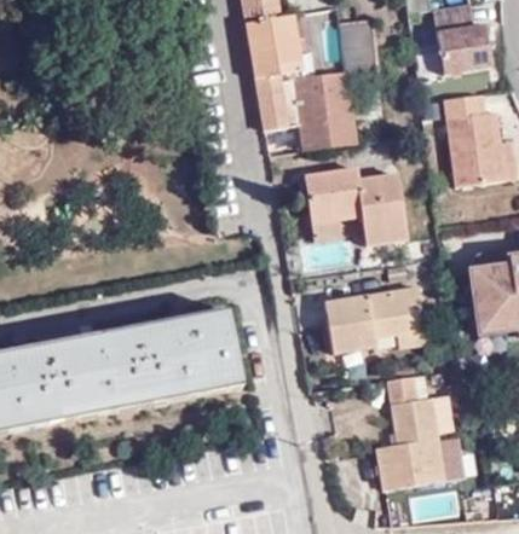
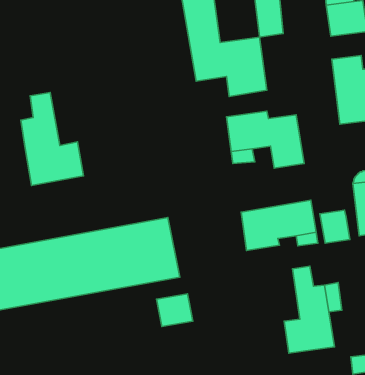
building: none -> [21,92,84,185]
building: none -> [320,210,350,243]
building: none -> [156,294,193,327]

